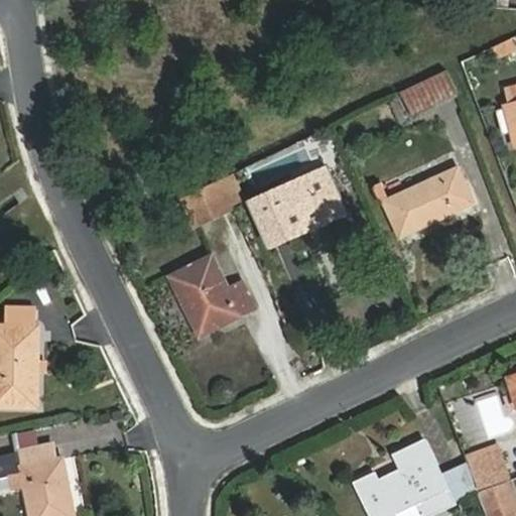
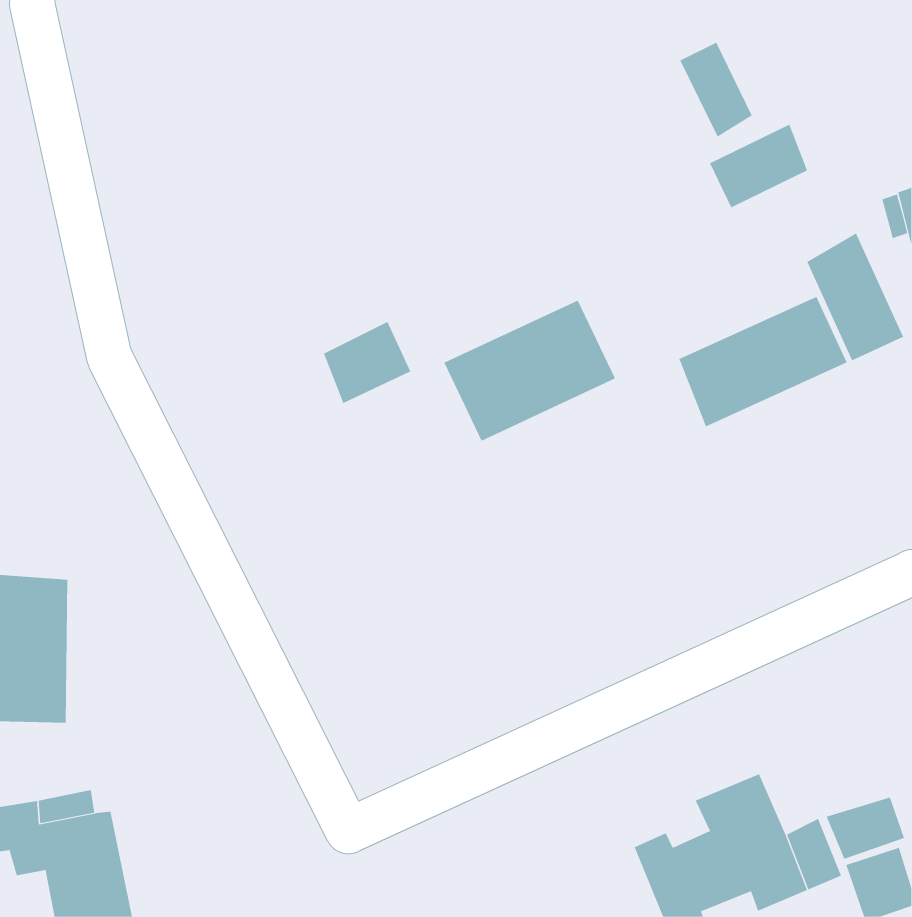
building: none -> [680,42,753,138]
building: none -> [806,233,904,361]
building: [170,256,253,334] -> none

